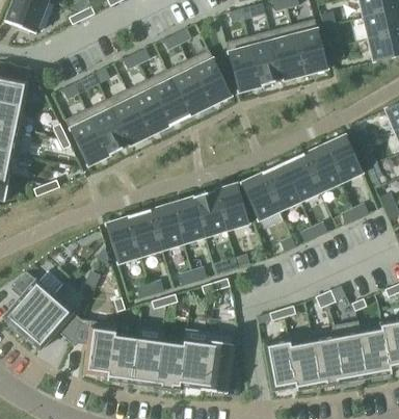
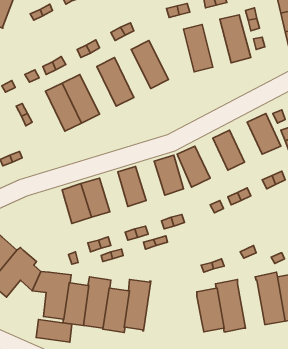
building: [271,24,305,80] -> none
building: [227,35,262,91] -> none
building: [168,59,211,115] -> none
building: [128,79,170,135] -> none
building: [66,108,110,165] -> none
building: [303,145,342,191] -> none
building: [263,163,301,210] -> none
building: [193,190,228,236] -> none
building: [151,203,184,250] -> none
building: [313,330,346,387] -> none
building: [203,331,236,393] -> none
building: none -> [36,319,72,342]

